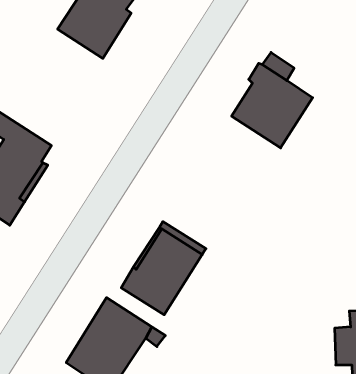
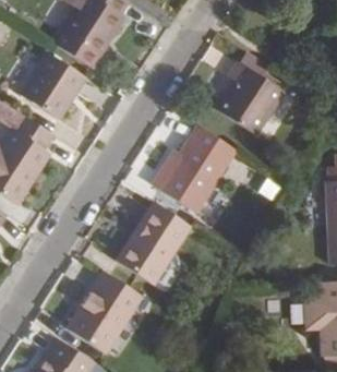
building: none -> [17,51,86,120]
building: none -> [156,124,237,214]

